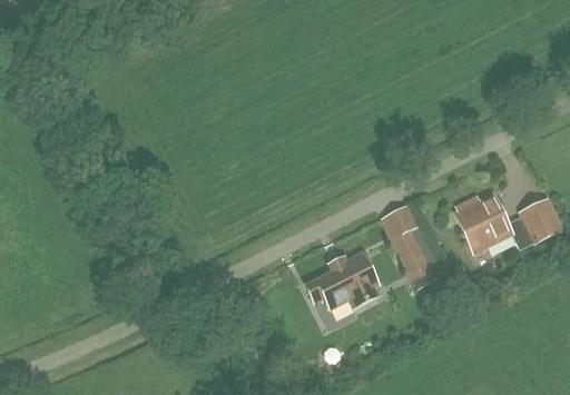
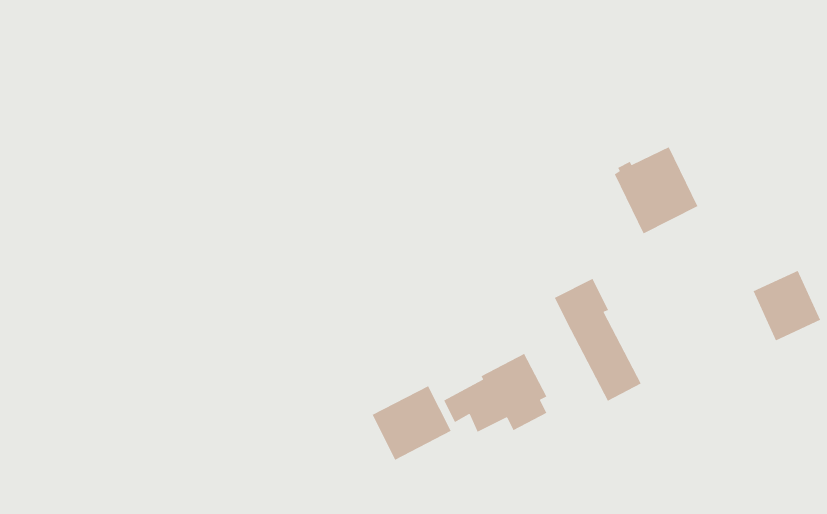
building: [452,194,510,254] -> [614,146,699,234]
building: none -> [371,385,452,461]

